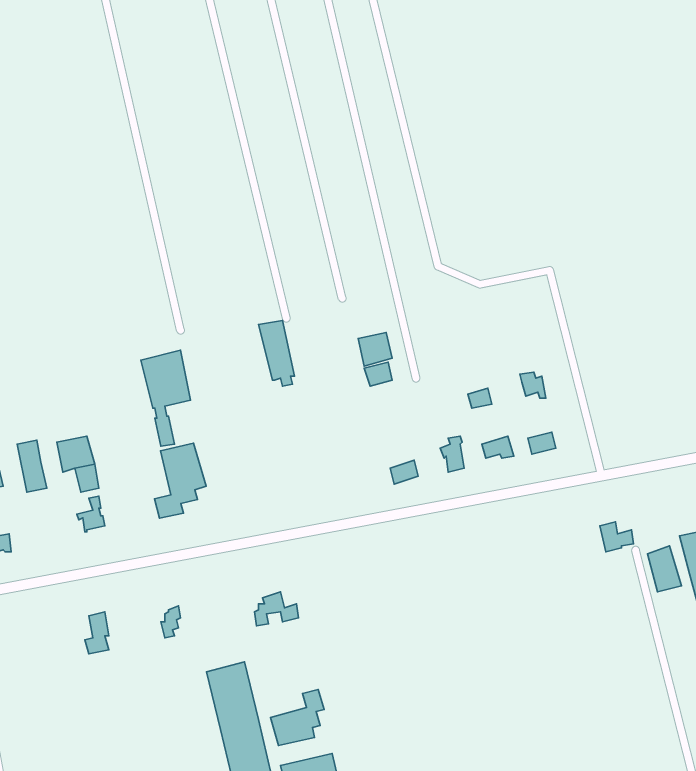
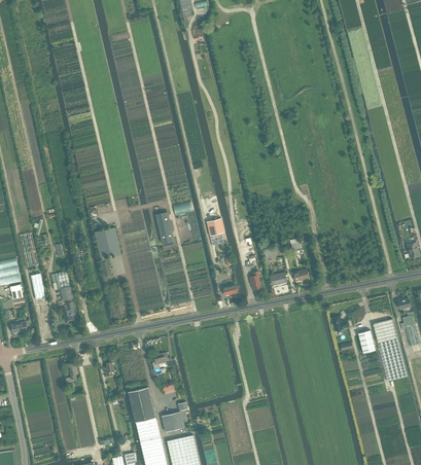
building: [154,443,206,518] -> none

